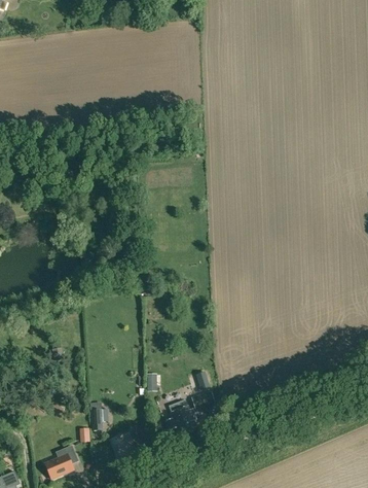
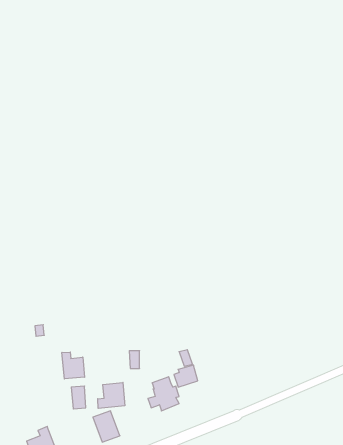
building: none -> [62,352,85,379]
building: none -> [98,382,125,408]

